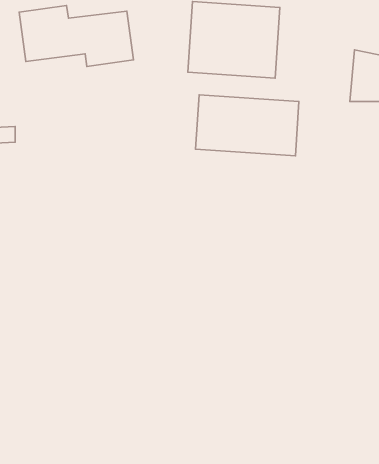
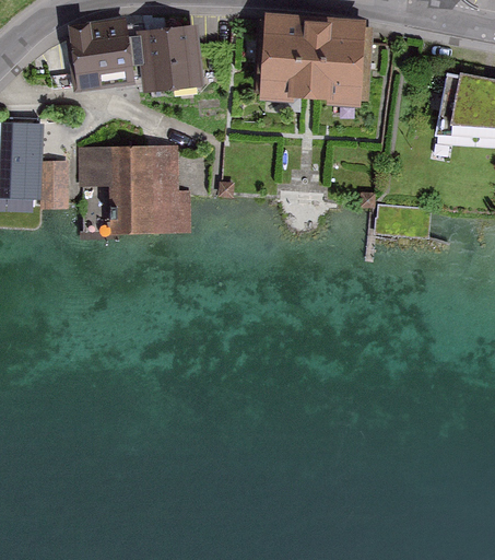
building: [196,95,299,156] -> none
building: none -> [84,148,187,226]

